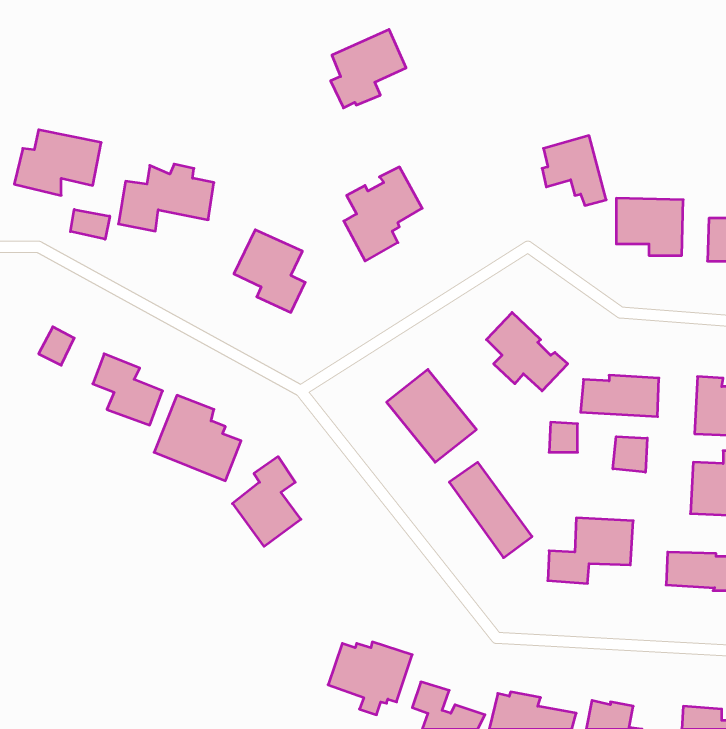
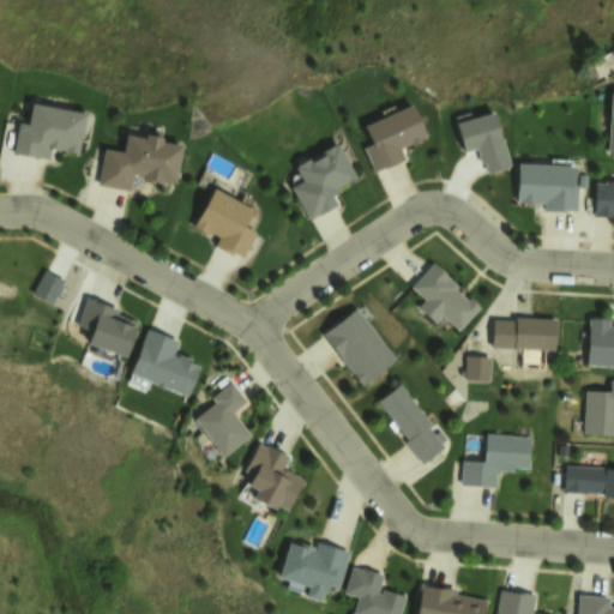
building: [331,29,406,108] -> [363,103,427,169]
building: [70,209,110,239] -> none
building: [613,437,647,472] -> none
building: none -> [248,440,302,508]

